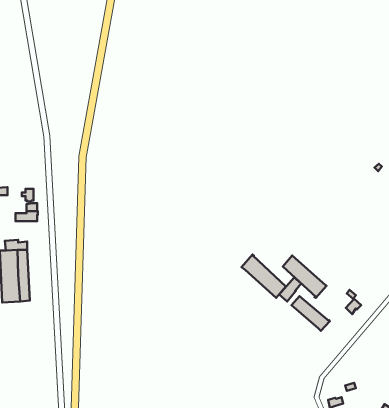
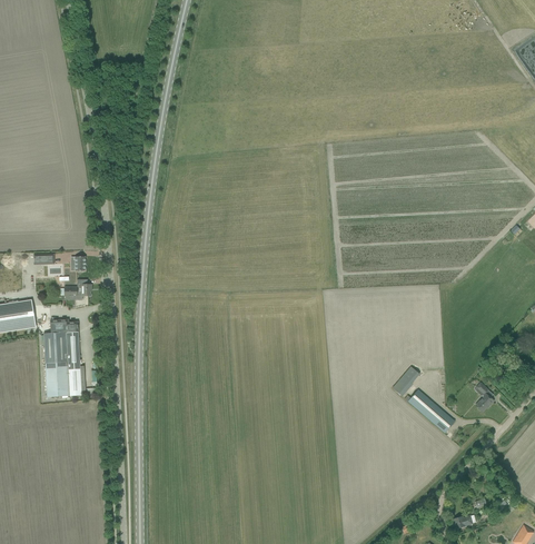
building: [242,255,286,298] -> none
building: [283,255,326,298] -> none

